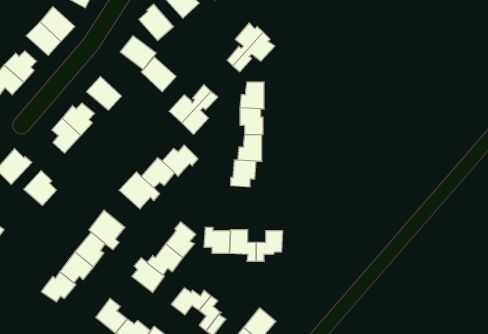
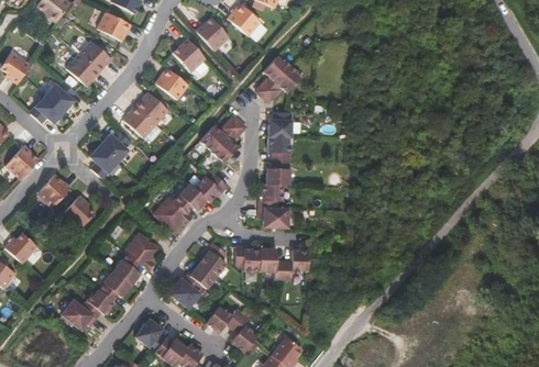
building: [141,57,176,92] -> [136,92,169,125]
building: none -> [258,210,288,230]
building: none -> [59,302,95,332]

